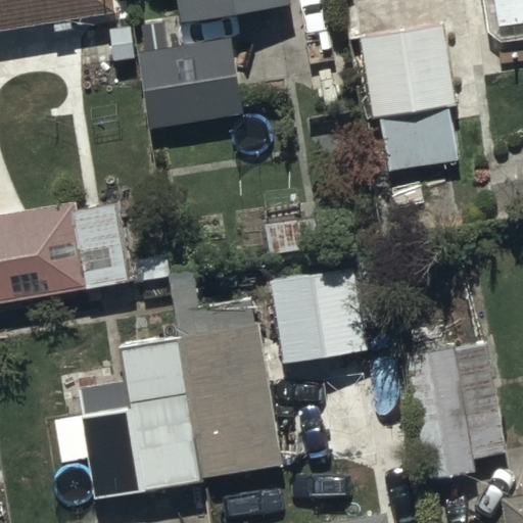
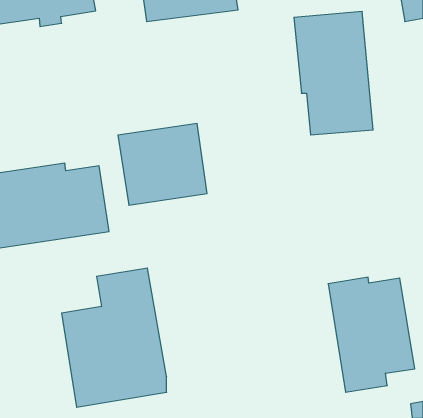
building: [134,31,243,131] -> [118,123,207,205]
building: [269,259,368,368] -> none
building: [181,316,281,462] -> none

